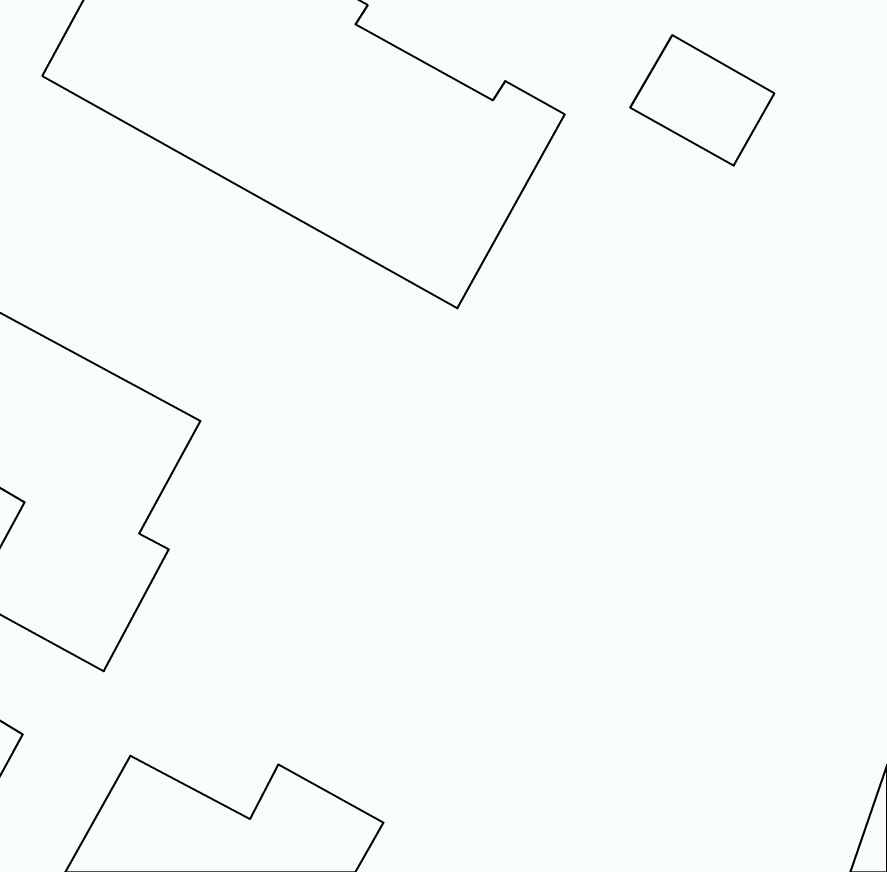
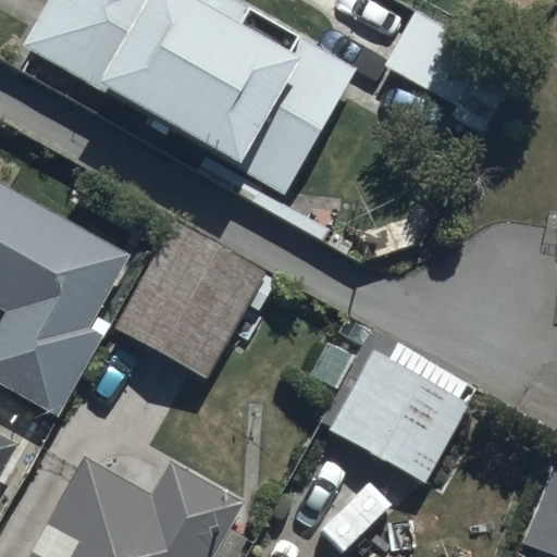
building: none -> [120,235,256,372]
building: none -> [333,352,469,479]

